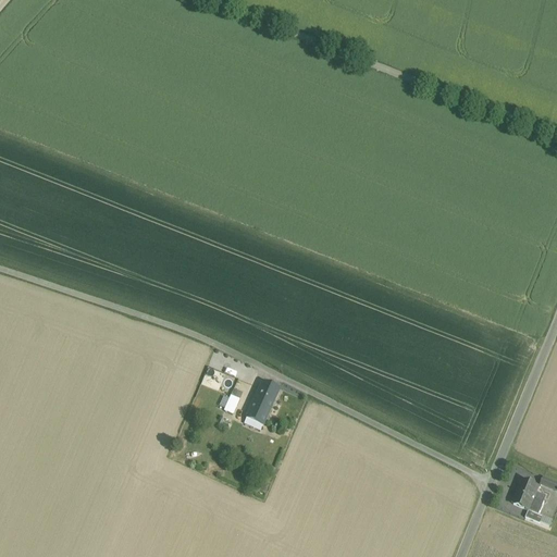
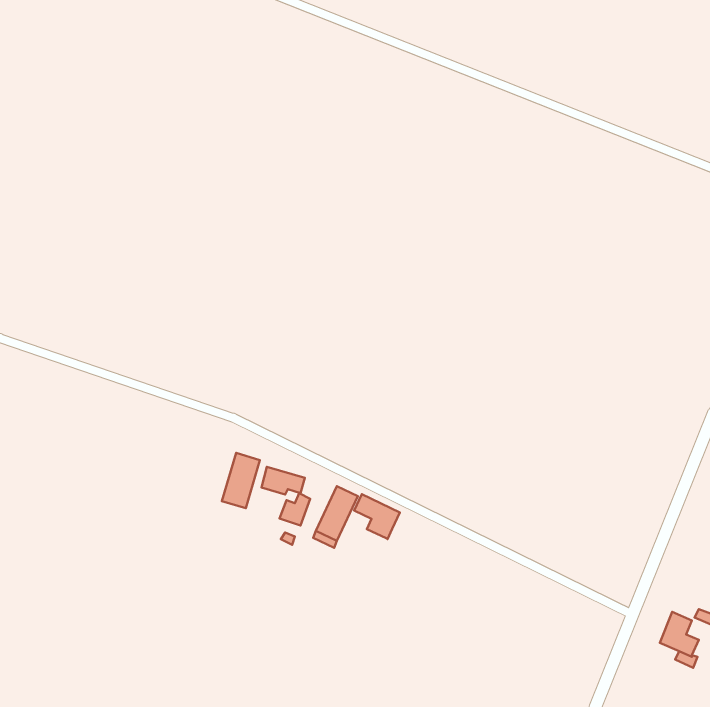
building: none -> [222,453,260,508]
building: none -> [354,494,400,539]

